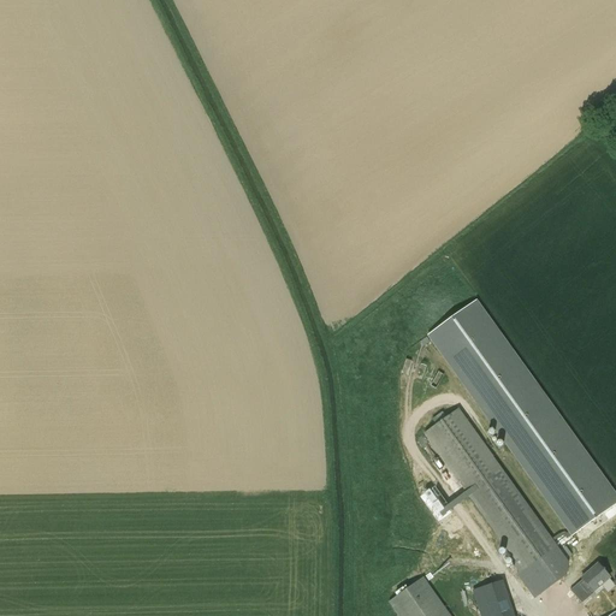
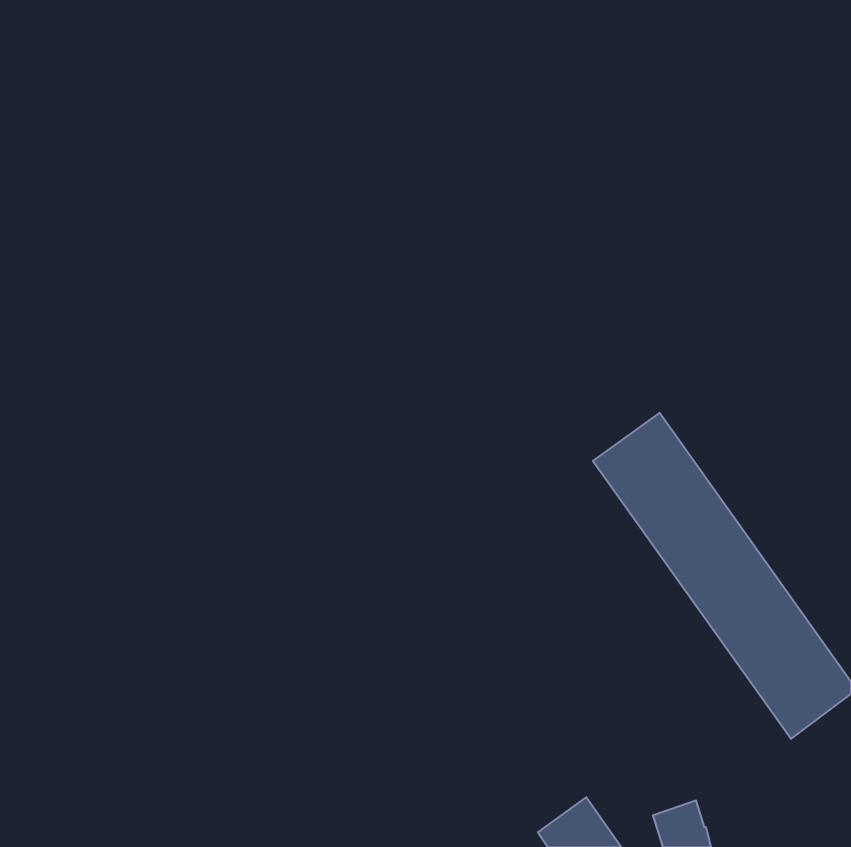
building: [424,407,569,597] -> none
building: [570,563,610,602] -> none

